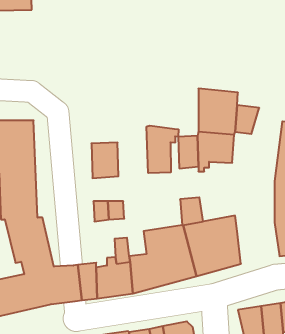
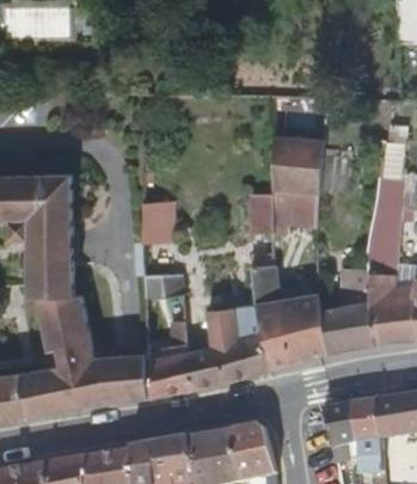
building: [147,126,178,173] -> none
building: none -> [321,300,374,351]

